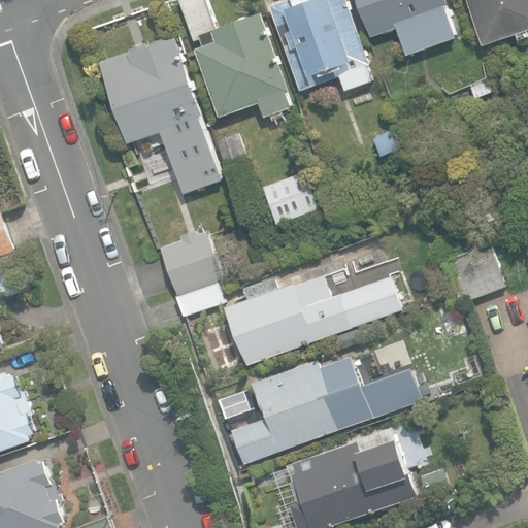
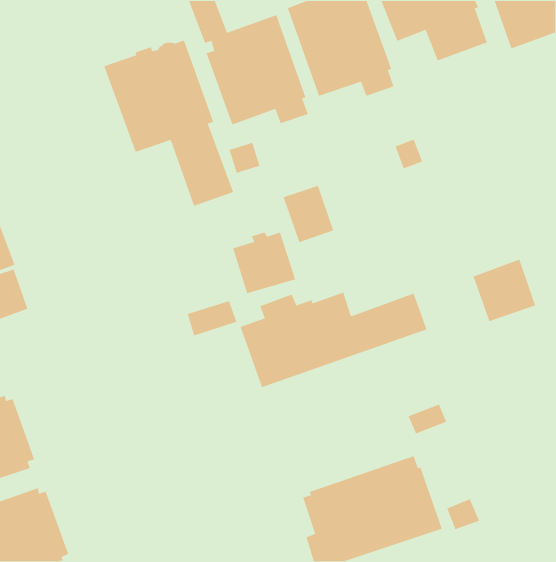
building: [160,231,220,290] -> [232,231,296,294]
building: [231,356,376,463] -> none

